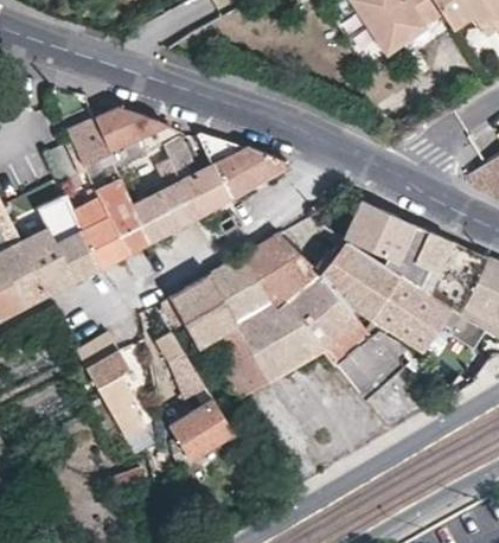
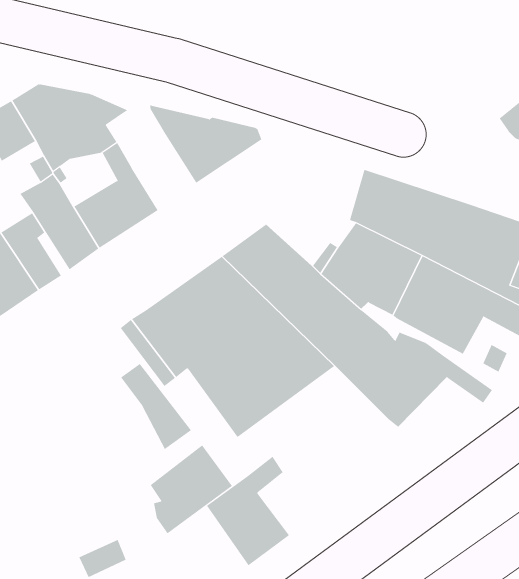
building: [166,139,230,216] -> none
building: [77,333,147,439] -> none
building: none -> [206,456,290,566]

